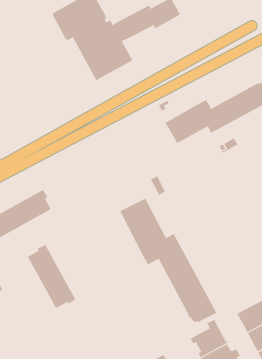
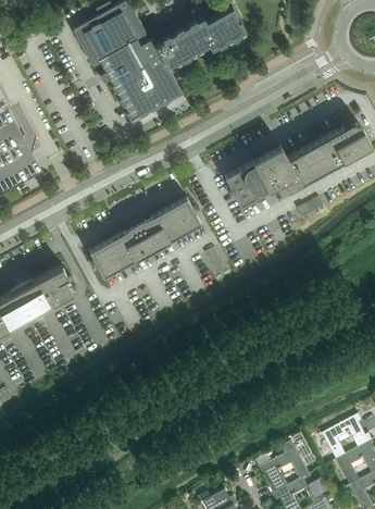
building: none -> [88,198,200,277]
building: [120,198,217,322] -> none
building: [27,244,76,309] -> none

